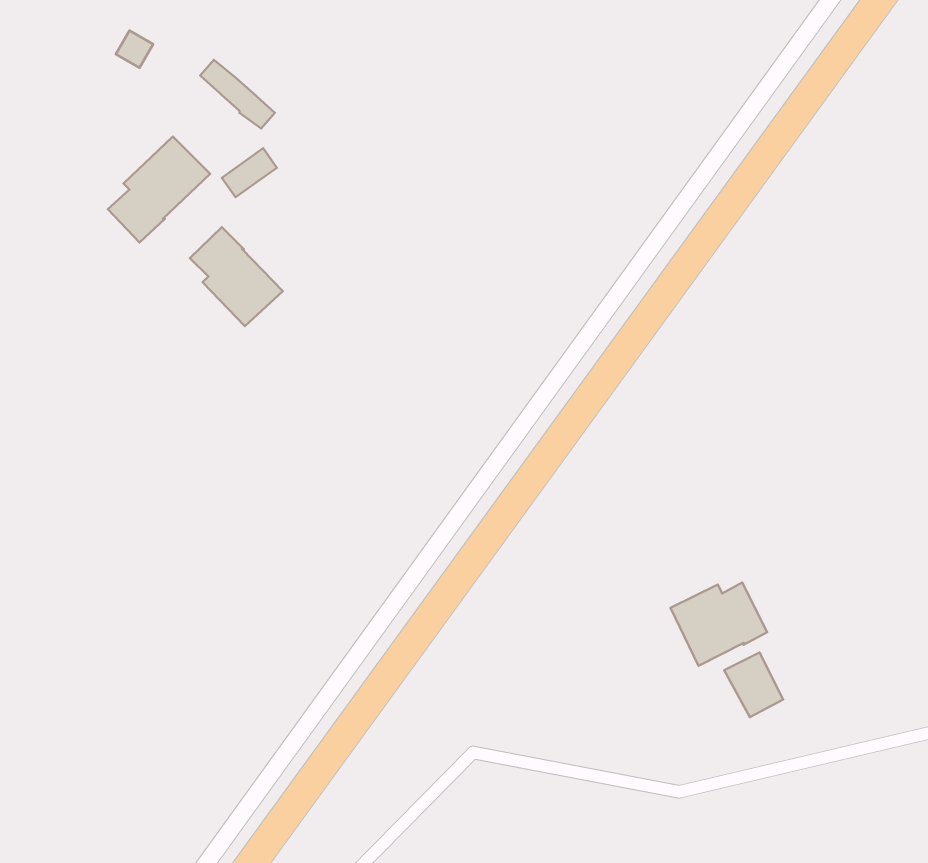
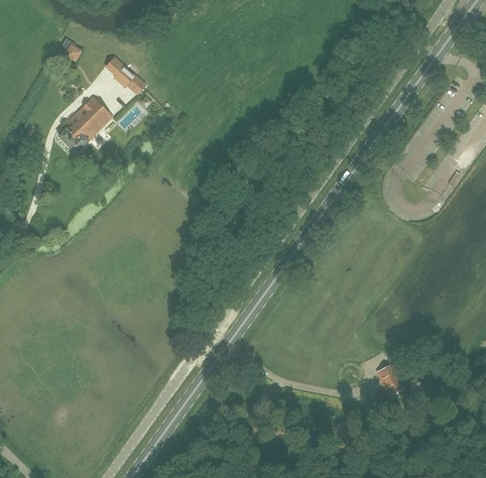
building: [190,227,283,326] -> none
building: [671,582,767,666] -> none

